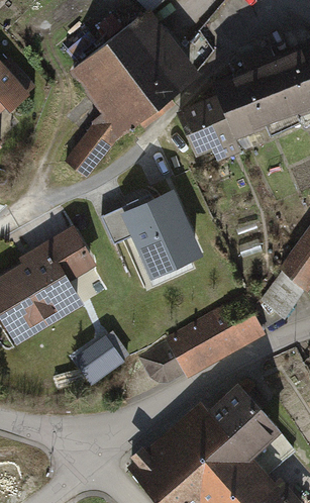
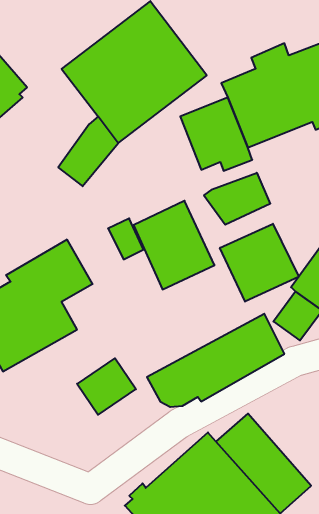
building: none -> [204,173,270,225]
building: none -> [220,224,299,302]

